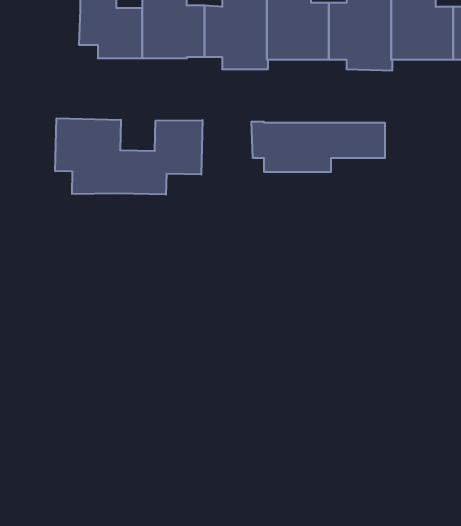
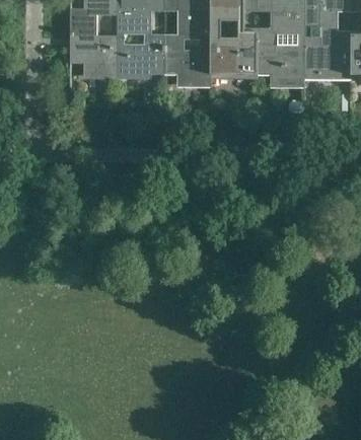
building: [55,118,203,195] -> none
building: [251,122,385,172] -> none

